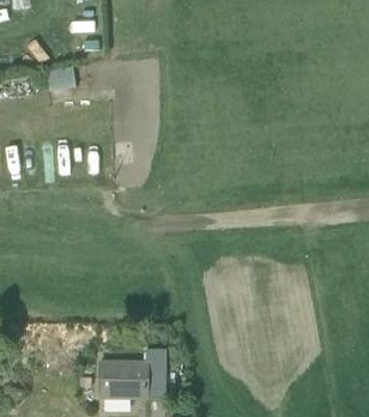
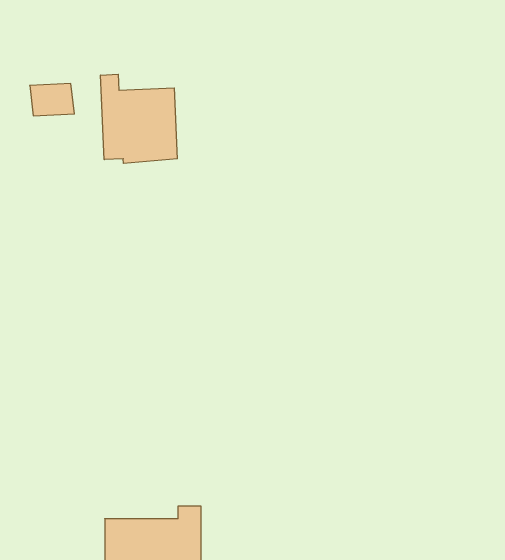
building: none -> [101,74,177,163]

